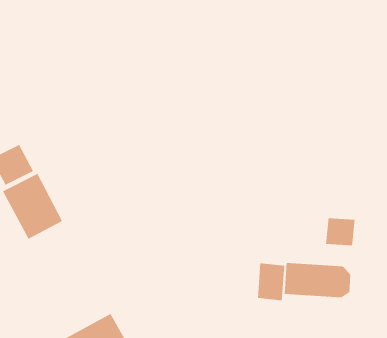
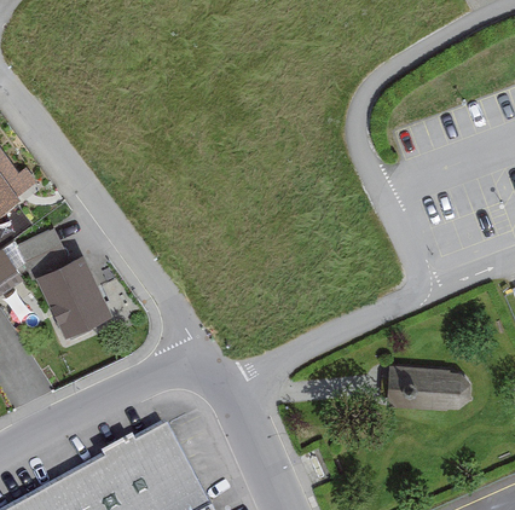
building: [325,218,355,246] -> none
building: [257,262,285,301] -> none

